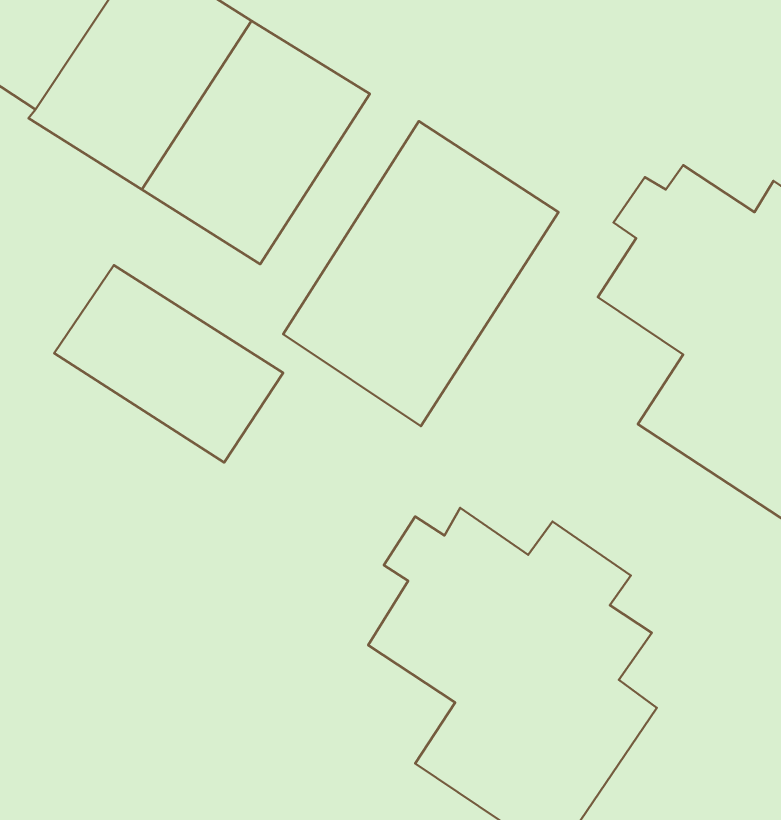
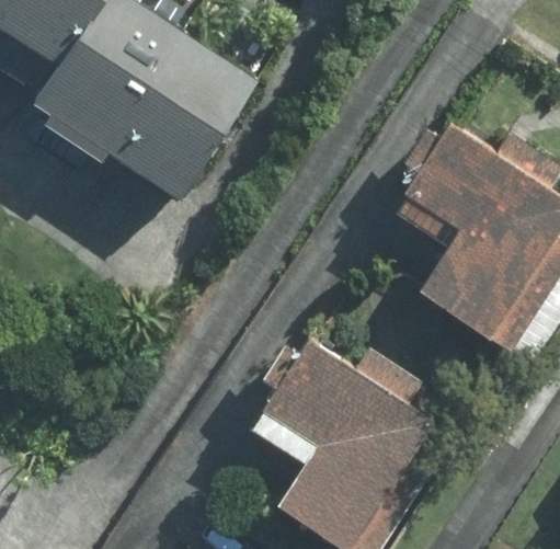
building: [283,121,558,426] -> none
building: [54,265,283,462] -> none

